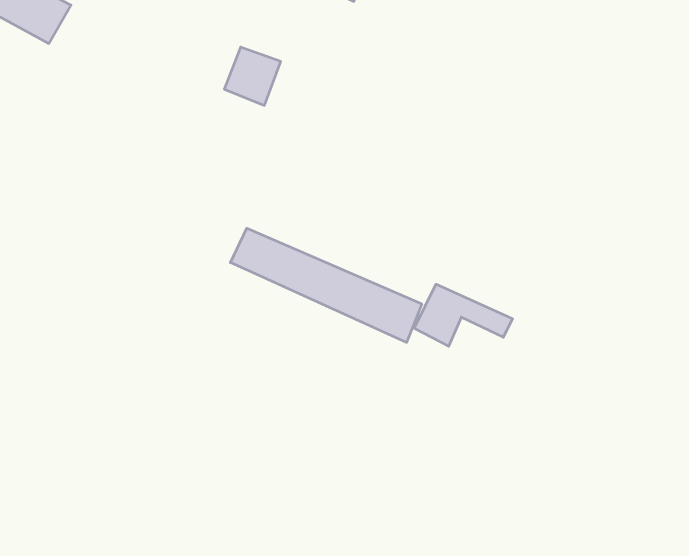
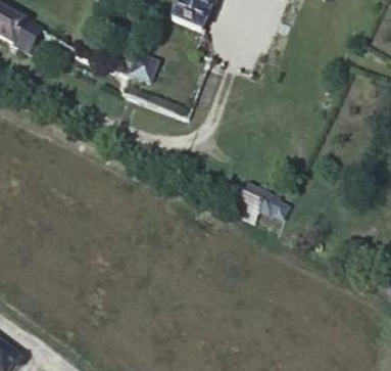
building: [230,228,422,342] -> none

